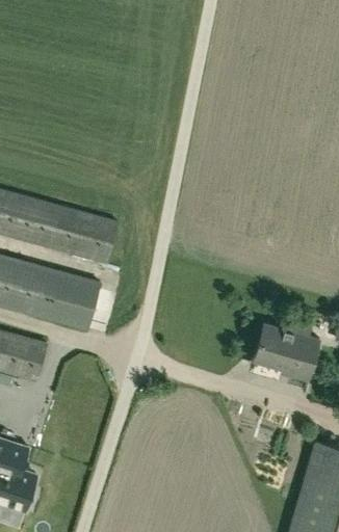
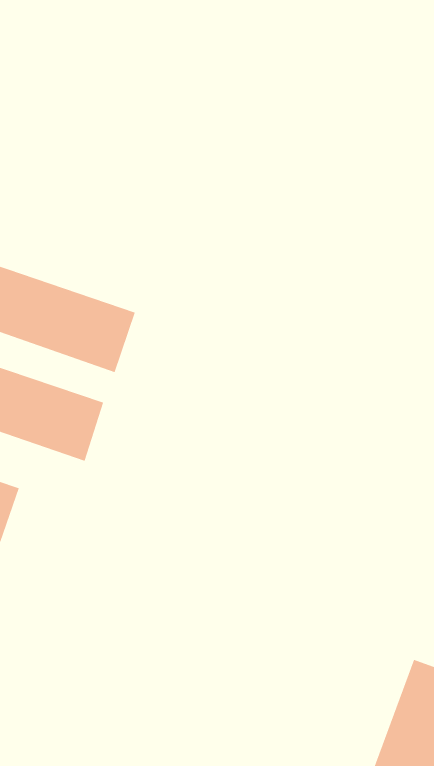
building: [253,319,318,382] -> none

